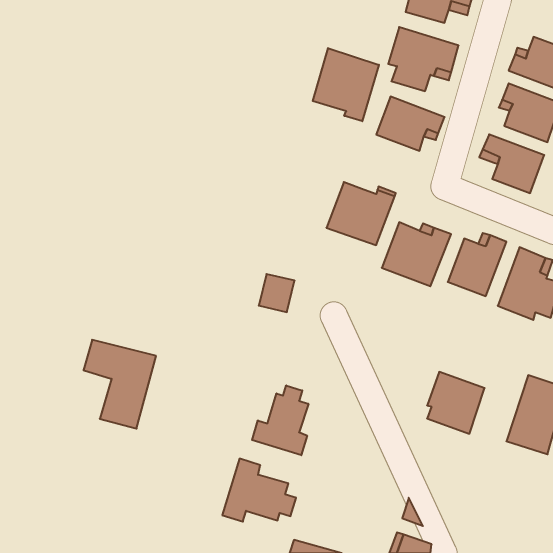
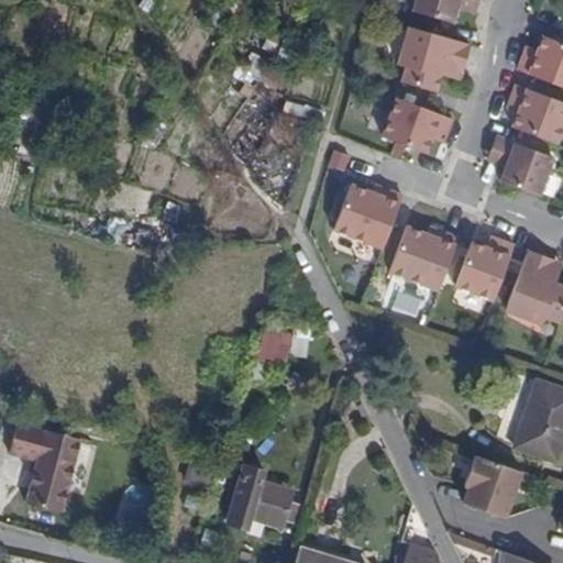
building: [313,48,379,121] -> none
building: [259,274,295,312] -> [258,327,295,365]
building: [83,340,156,429] -> [12,422,86,512]
building: [427,372,485,434] -> [467,455,526,518]
building: [252,385,308,455] -> none

